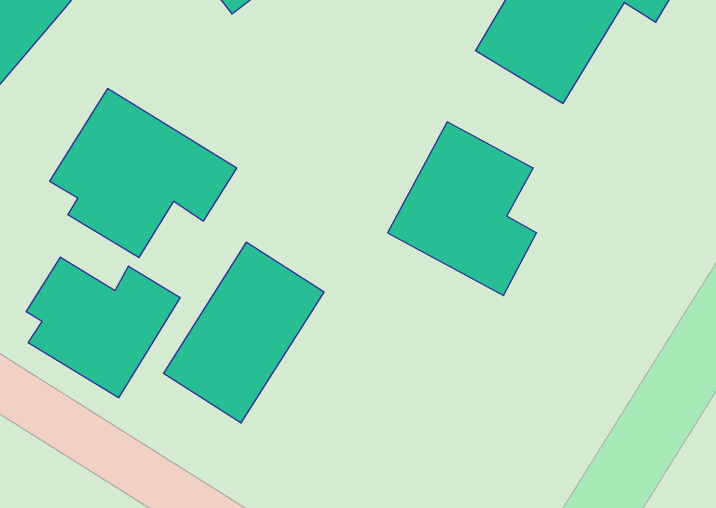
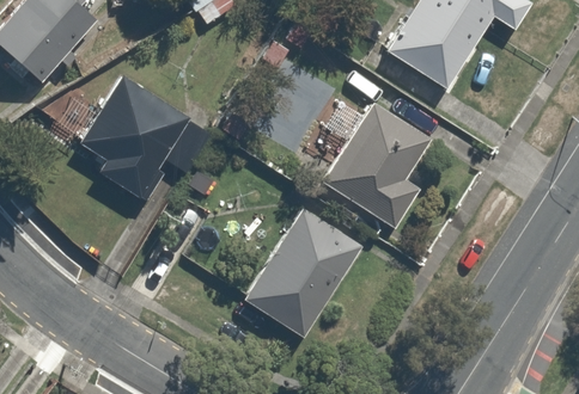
building: [163,242,324,423] -> [245,204,361,334]
building: [26,257,180,398] -> none

